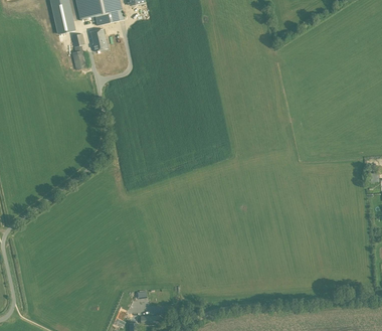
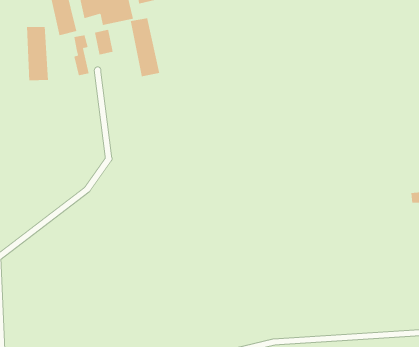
building: none -> [130,18,160,77]
building: none -> [27,26,49,81]

